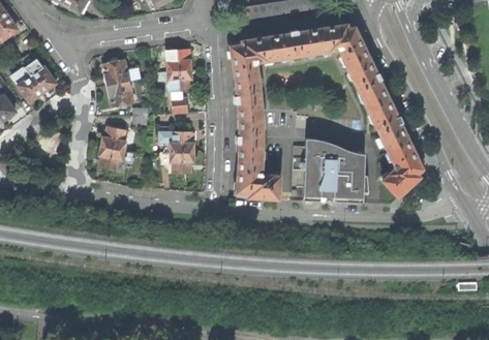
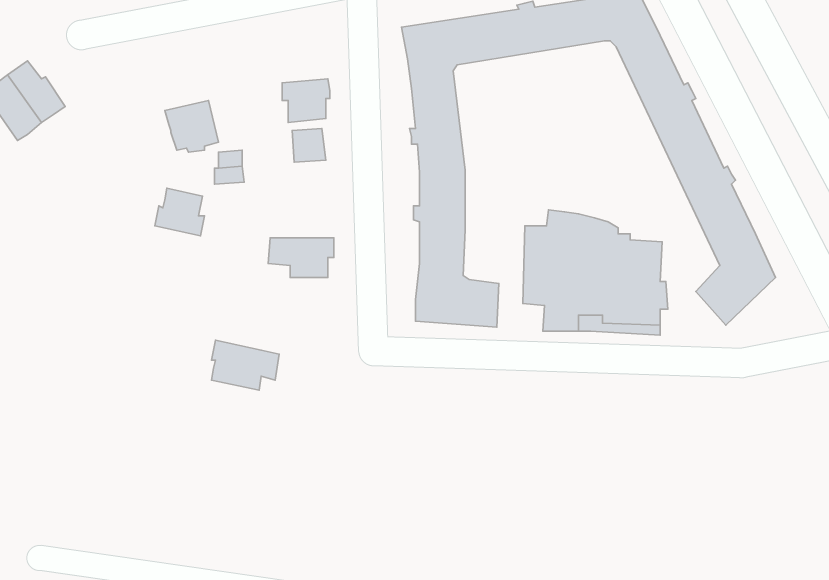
building: [157,48,191,70] -> none
building: [102,58,140,85] -> none
building: [159,125,195,151] -> none
building: [99,145,134,171] -> [211,340,279,390]

